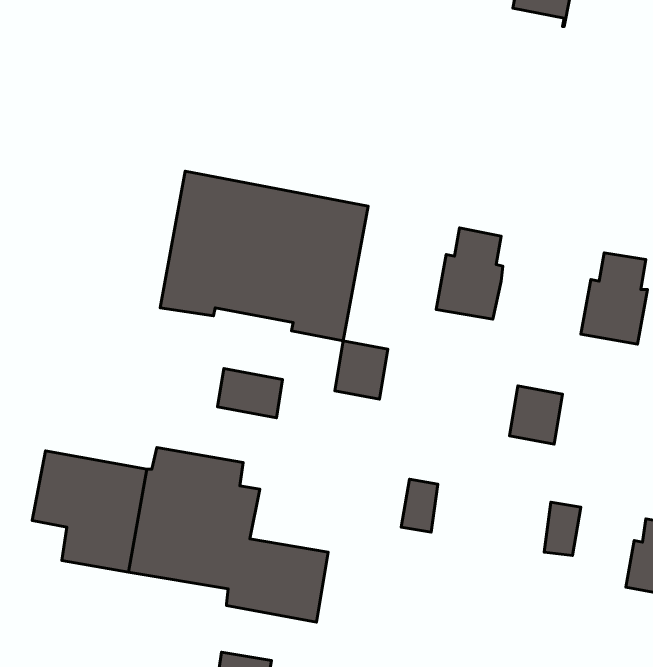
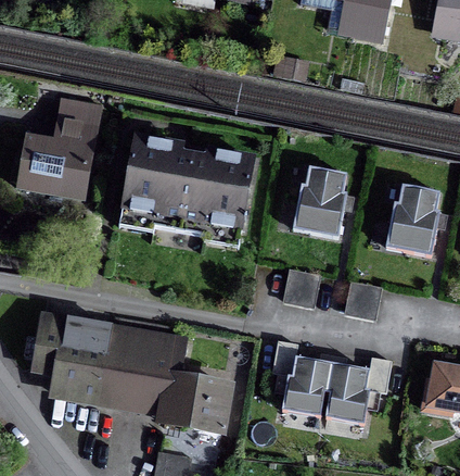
building: none -> [18,101,97,196]
building: [335,341,388,399] -> [284,268,319,306]
building: [218,368,282,418] -> none
building: none -> [285,359,368,423]

